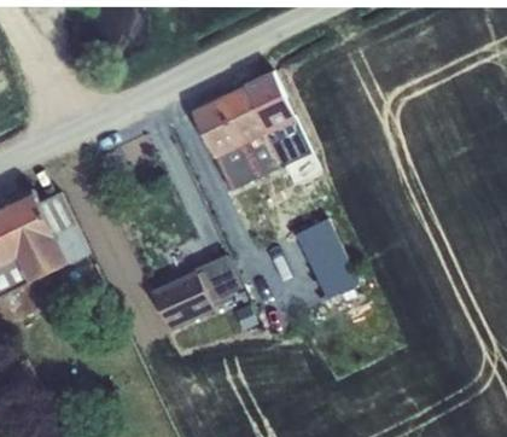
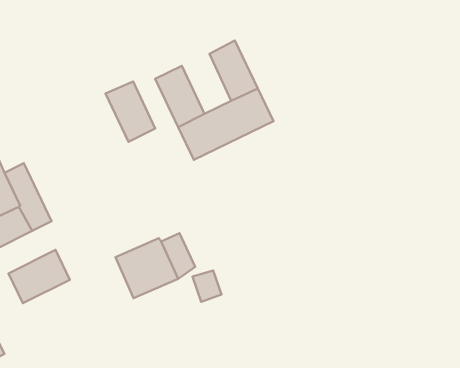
building: [218,85,268,145] -> [106,82,155,142]
building: [295,217,360,298] -> none
building: none -> [8,250,70,303]

